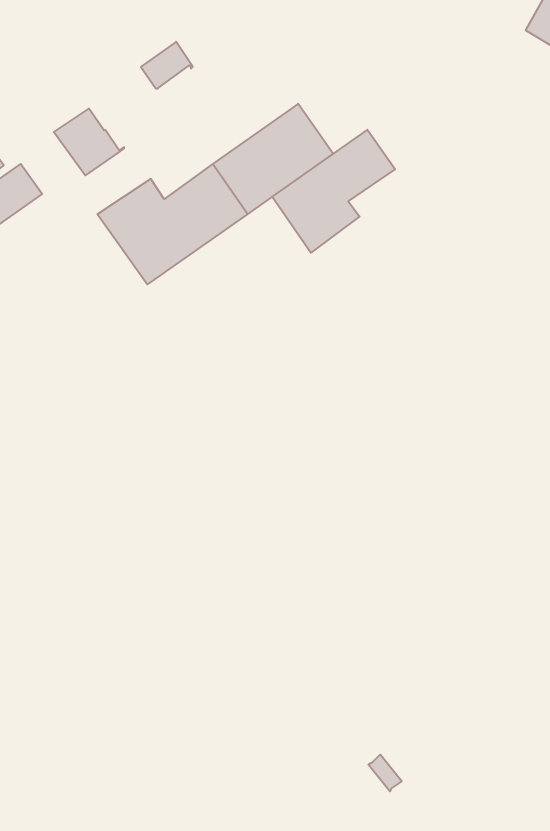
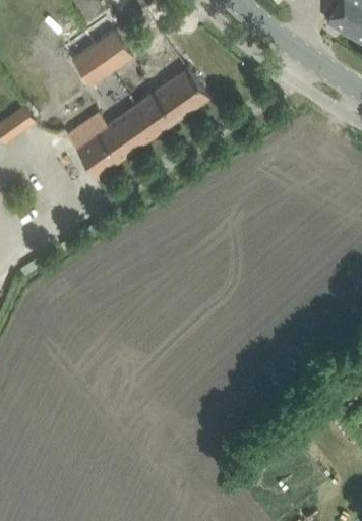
building: [54,109,124,175] -> [72,46,115,86]
building: [272,130,395,253] -> none

